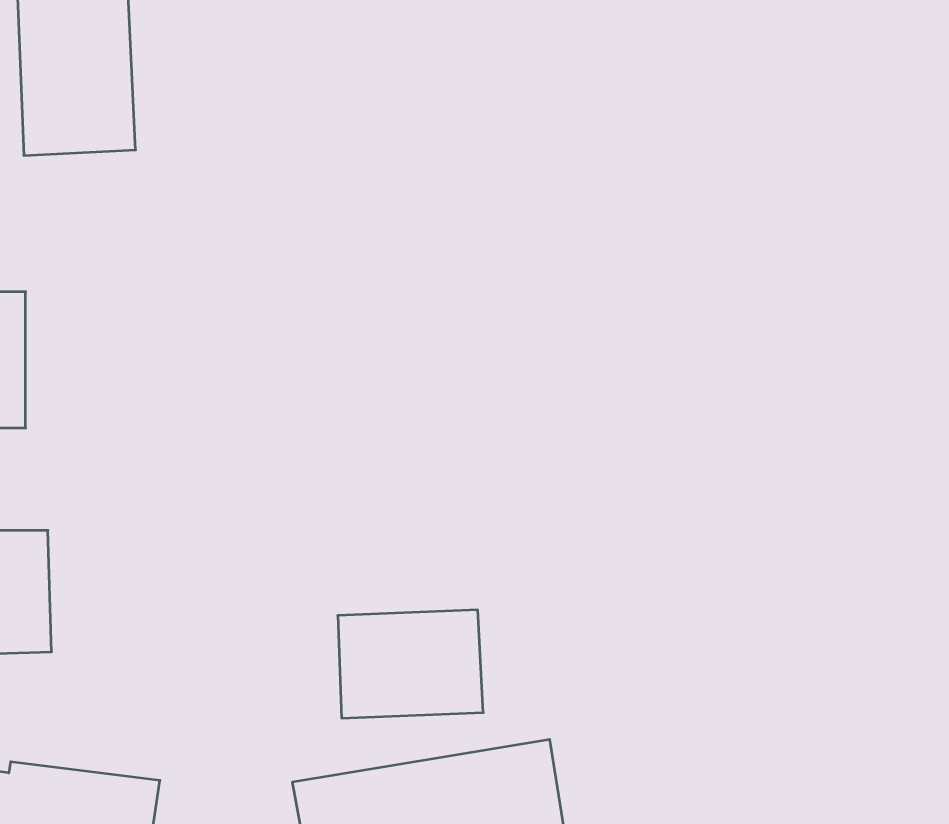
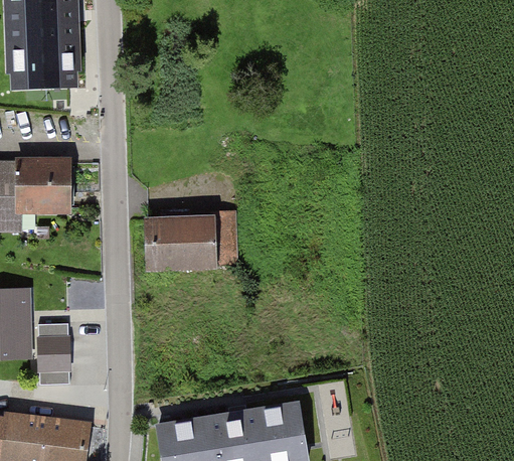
building: none -> [19,156,72,217]
building: none -> [38,322,69,383]
building: [338,610,483,718] -> [147,218,225,277]

